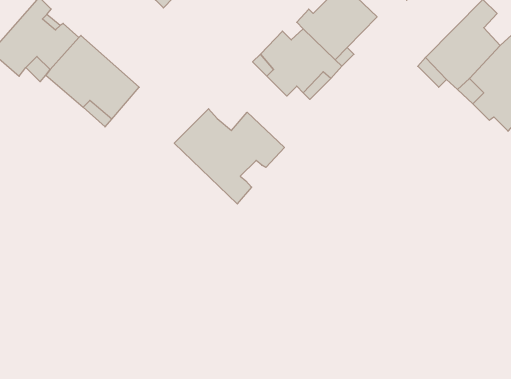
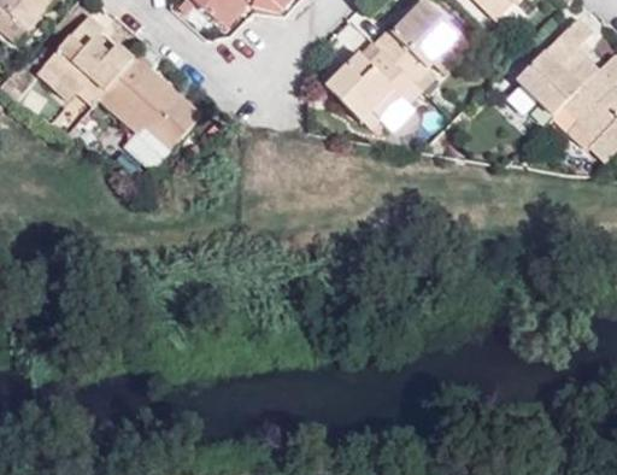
building: [174,109,284,204] -> none

